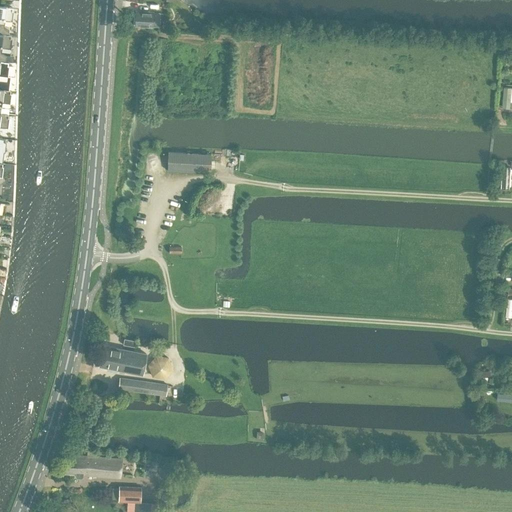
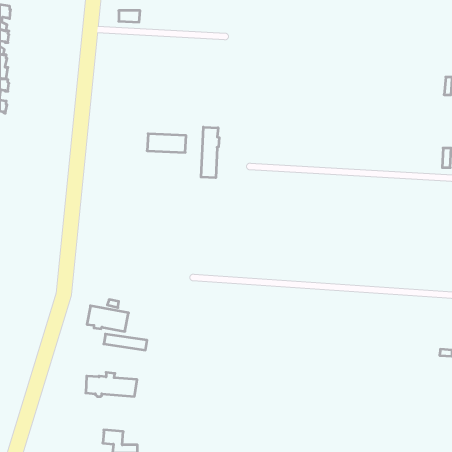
building: none -> [201,127,219,178]
building: [63,451,121,478] -> [86,372,137,396]

